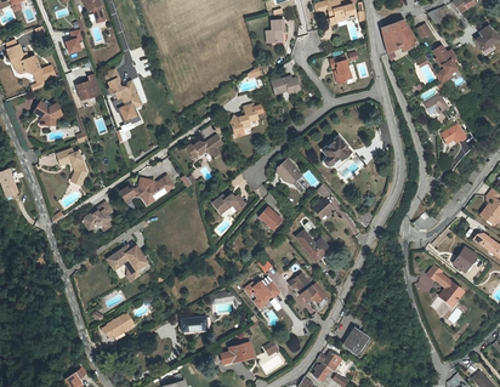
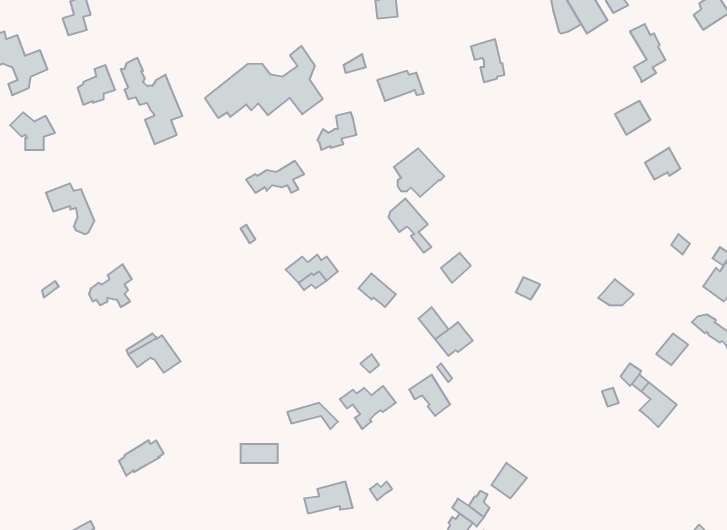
building: none -> [205,46,323,118]
building: [322,137,354,169] -> [394,148,444,197]
building: [119,173,176,206] -> none

